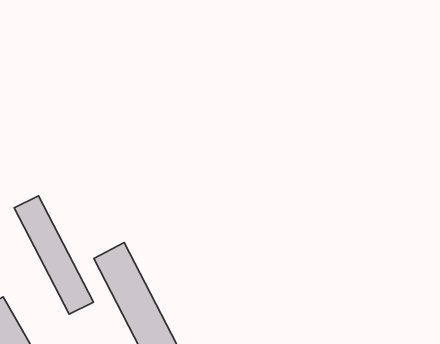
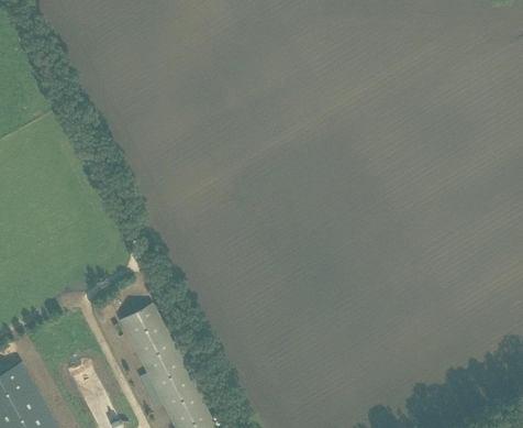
building: [14,196,93,314] -> none

